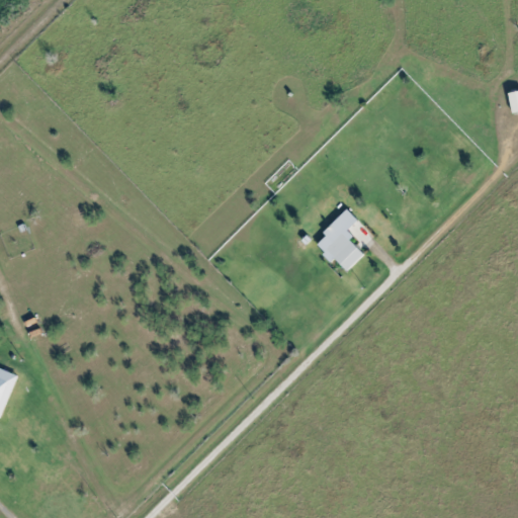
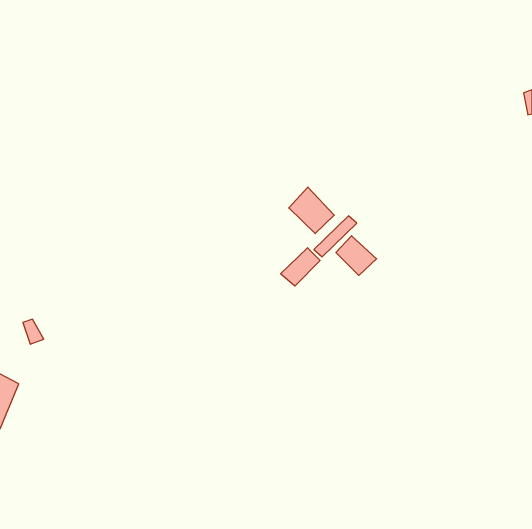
building: none -> [289,187,334,234]
building: none -> [281,248,320,286]

